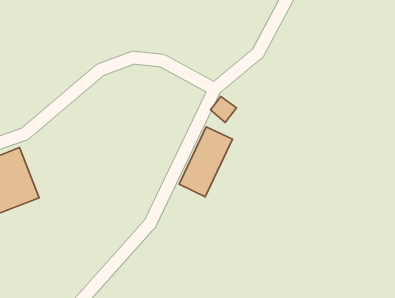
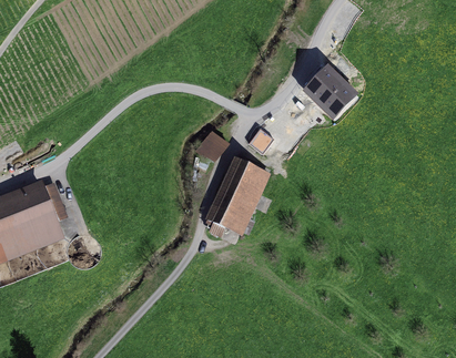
building: none -> [306,64,349,109]
building: none -> [194,130,226,162]

